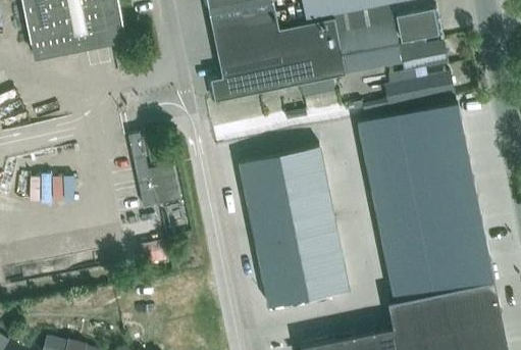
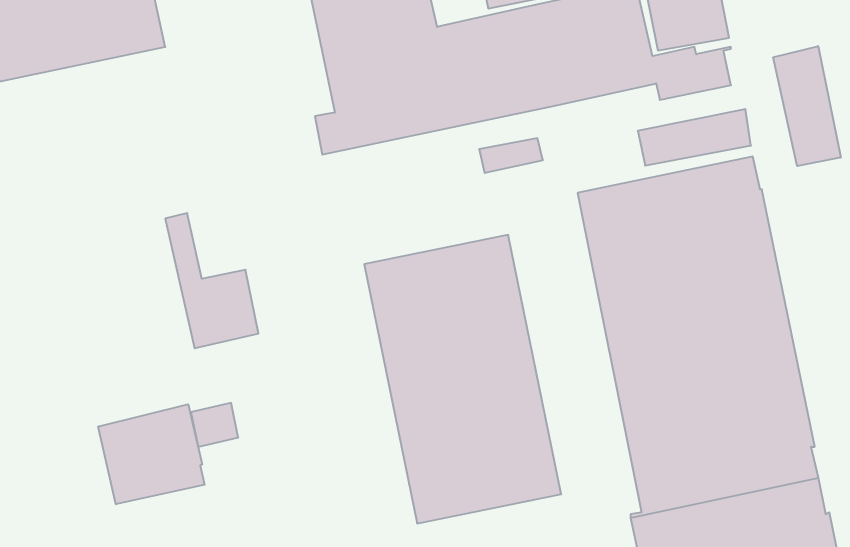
building: none -> [773,46,841,166]
building: none -> [98,404,205,504]

